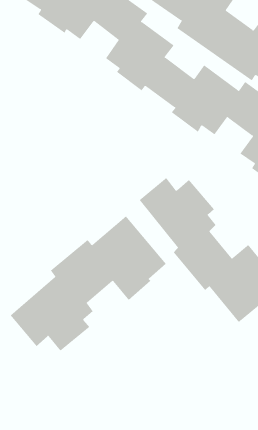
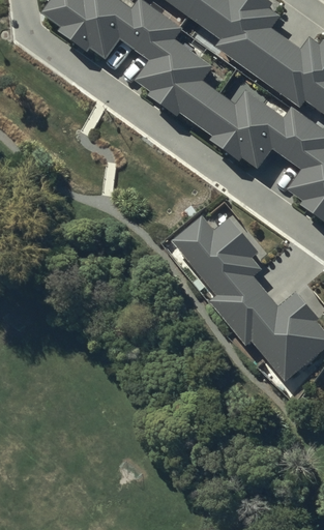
building: [10,215,166,352] -> none

